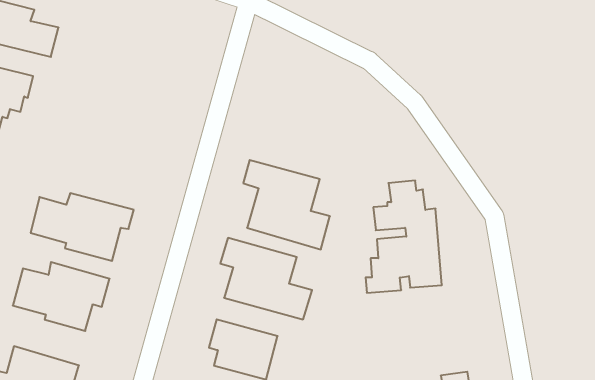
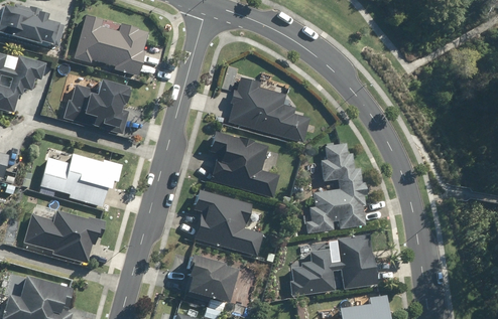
building: none -> [75,13,148,75]
building: none -> [228,76,310,143]
building: none -> [64,79,129,134]
building: none -> [289,233,376,295]

